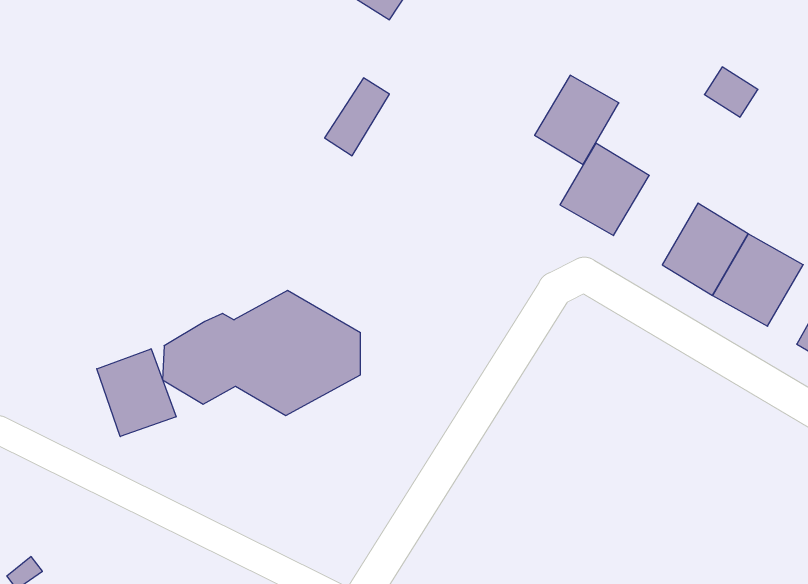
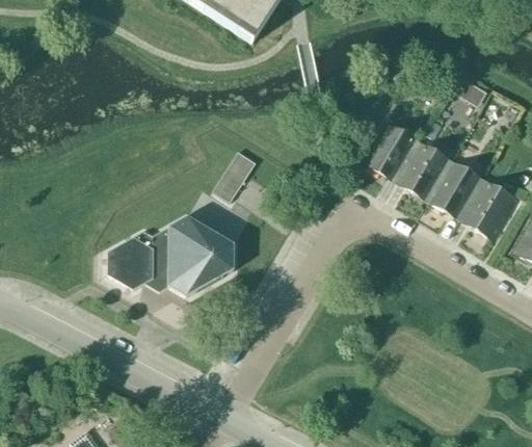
building: [535,75,619,165] -> [397,142,451,200]
building: [325,78,389,156] -> [213,151,255,201]
building: [97,349,176,437] -> none

